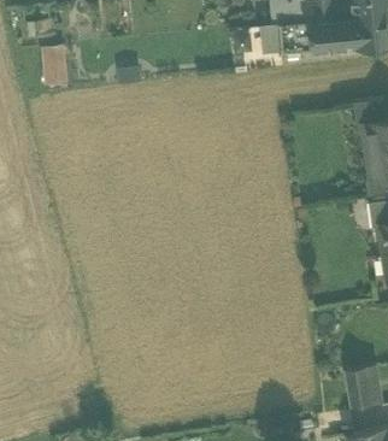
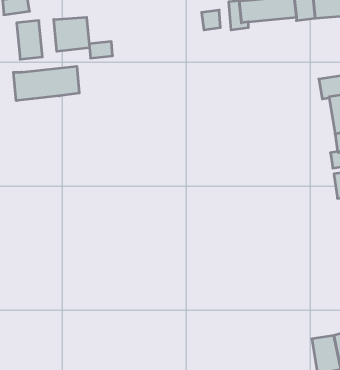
building: none -> [54,17,89,51]
building: none -> [13,66,79,101]

